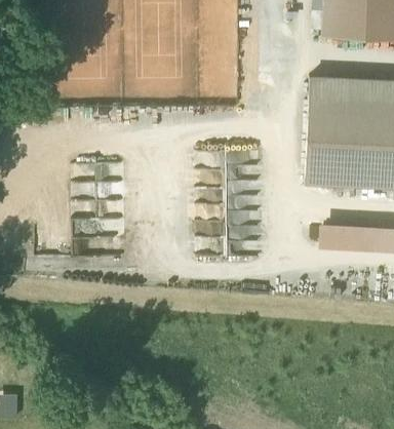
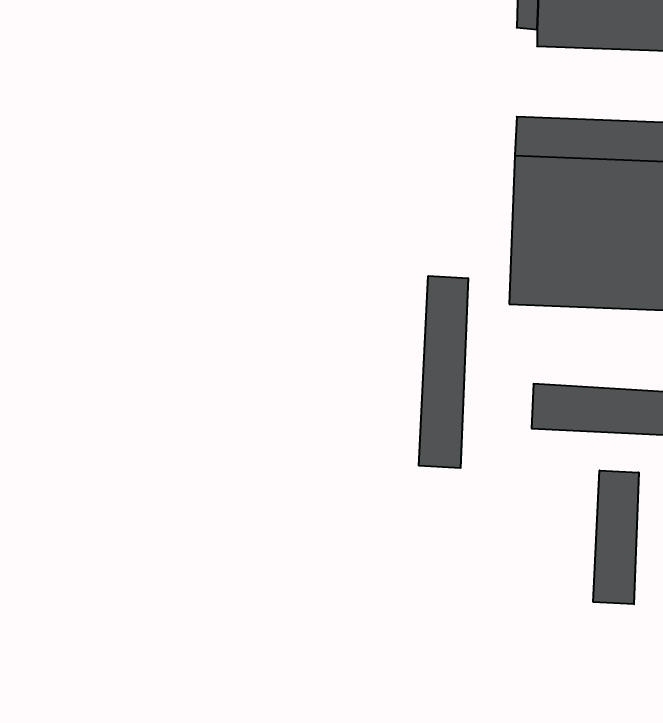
building: none -> [419,276,468,468]
building: none -> [593,470,639,604]

